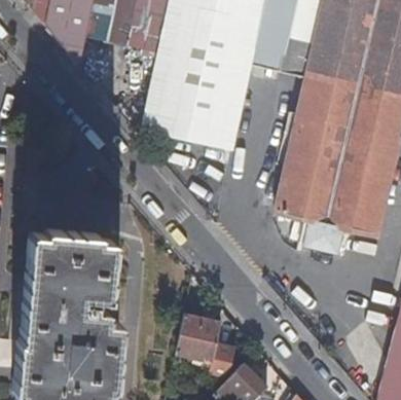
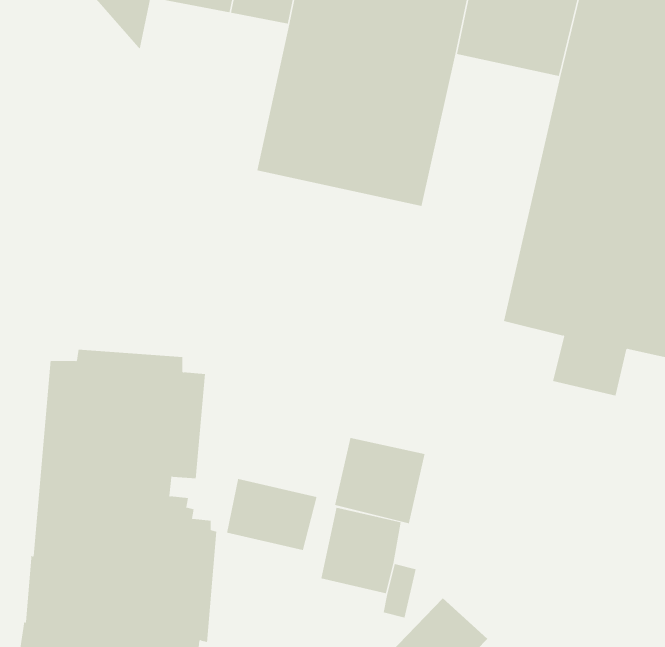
building: none -> [335,437,425,524]
building: none -> [226,478,317,551]

